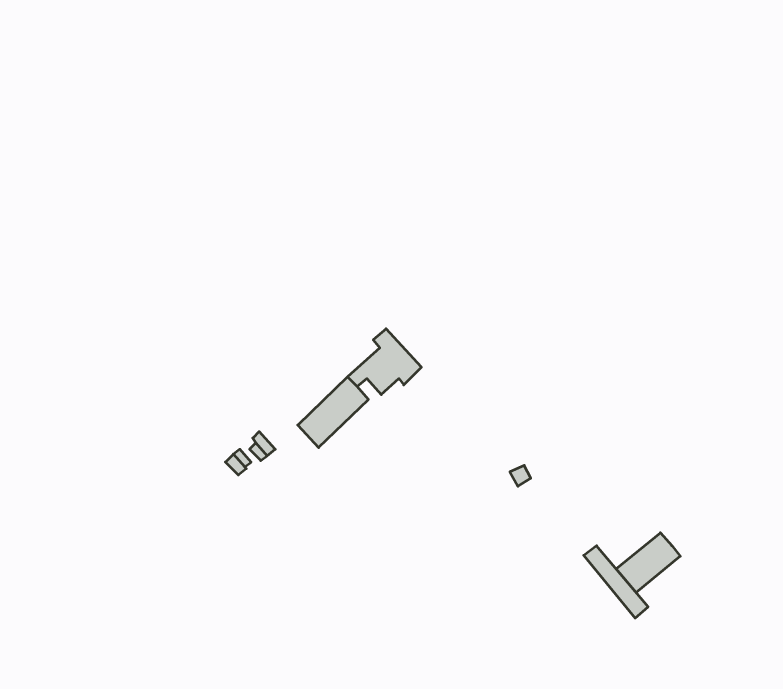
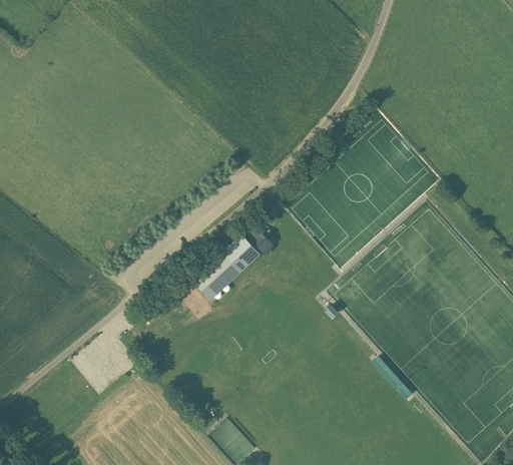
building: [616,533,680,592] -> none

